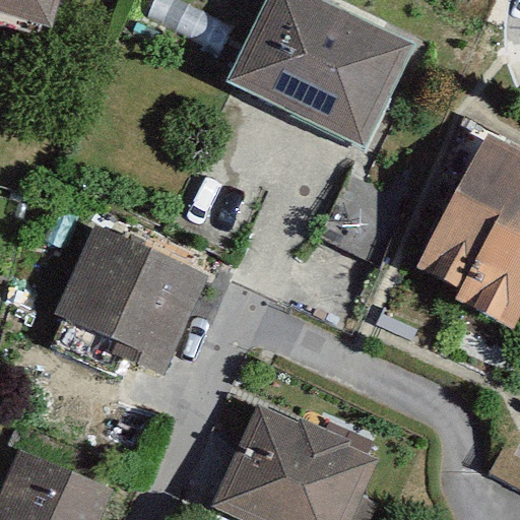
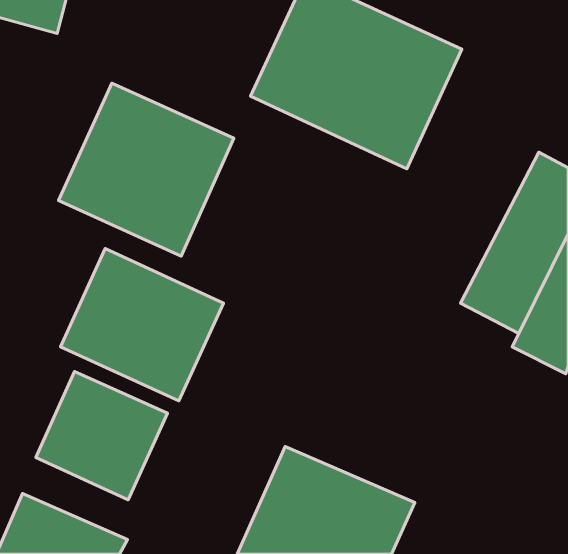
building: none -> [58,83,234,256]
building: none -> [36,372,168,500]

